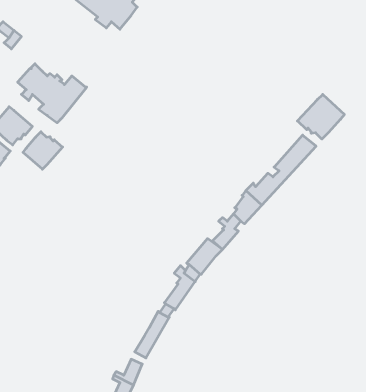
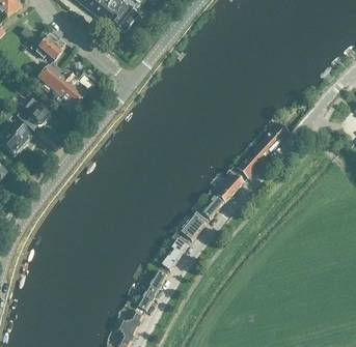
building: none -> [35,33,65,60]
building: [297,94,344,139] -> none
building: [23,132,63,169] -> none

